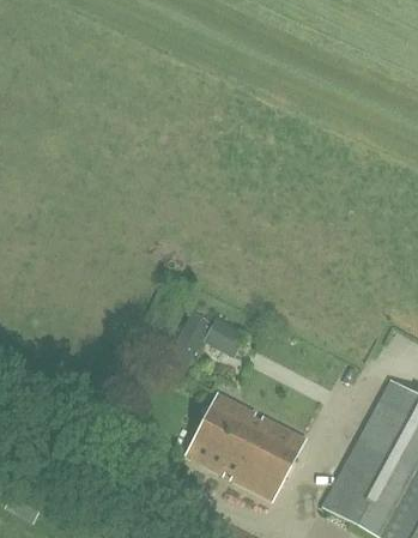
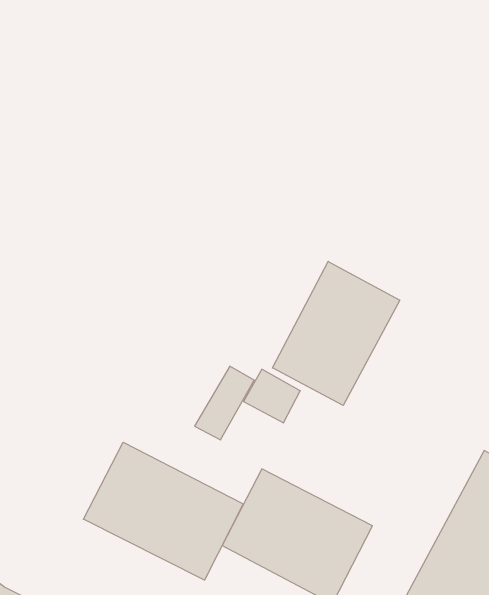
building: none -> [272,261,400,405]
building: none -> [83,442,243,580]

